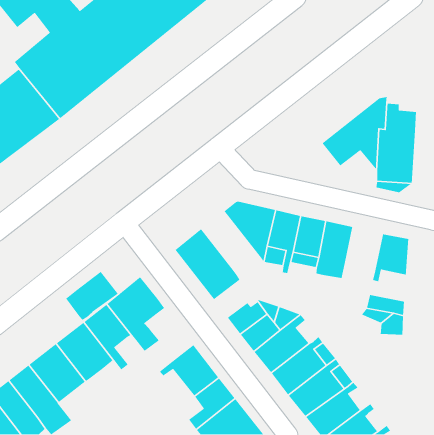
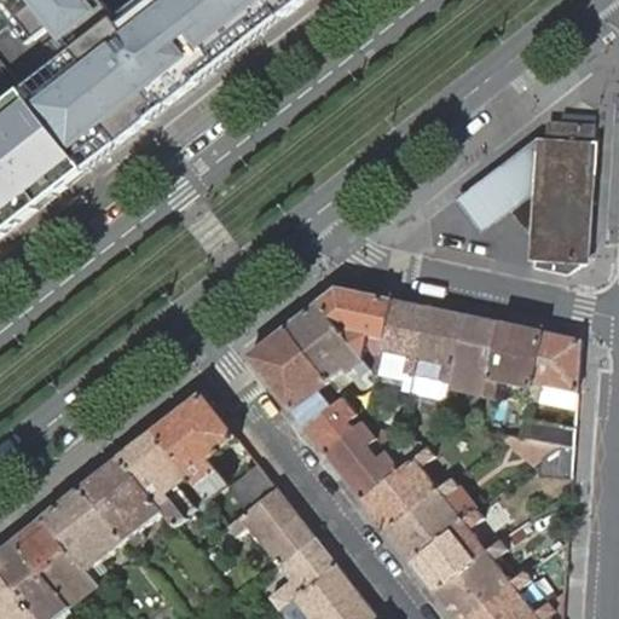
building: none -> [544,118,589,157]
building: none -> [283,297,368,377]
building: none -> [481,319,538,398]
building: [65,271,119,321] -> none
building: none -> [301,394,353,447]
building: none -> [222,462,272,509]

